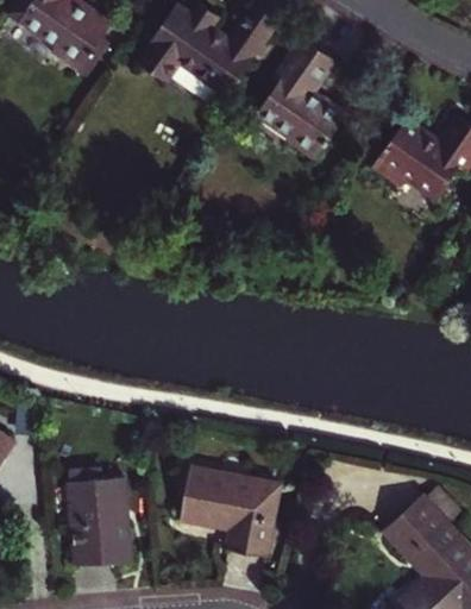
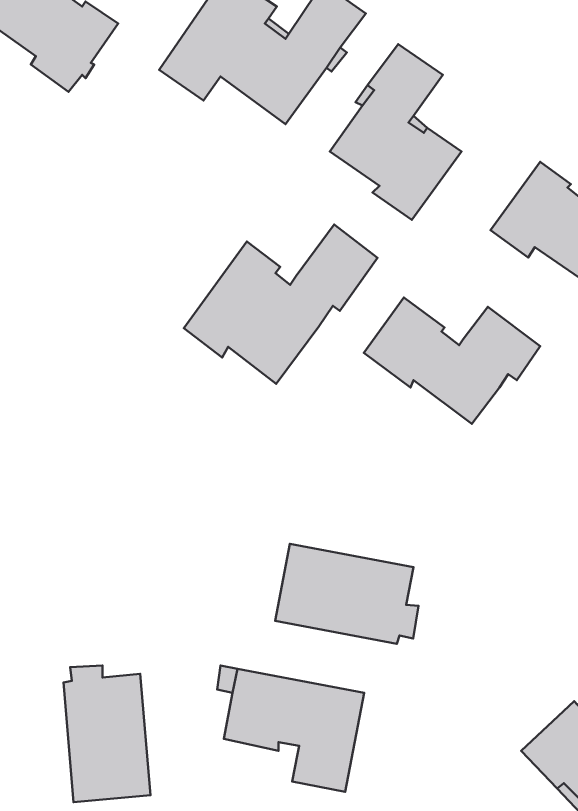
building: none -> [184,225,377,384]
building: none -> [364,297,540,424]
building: none -> [275,544,418,644]

